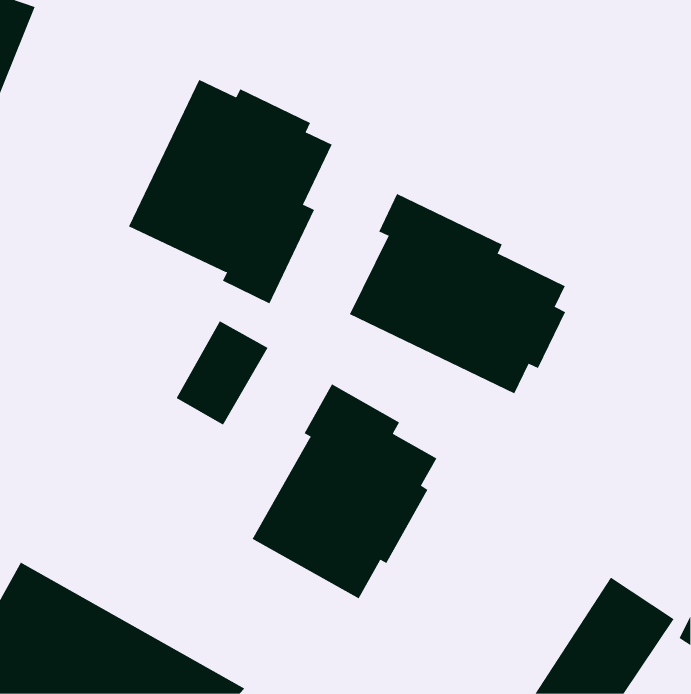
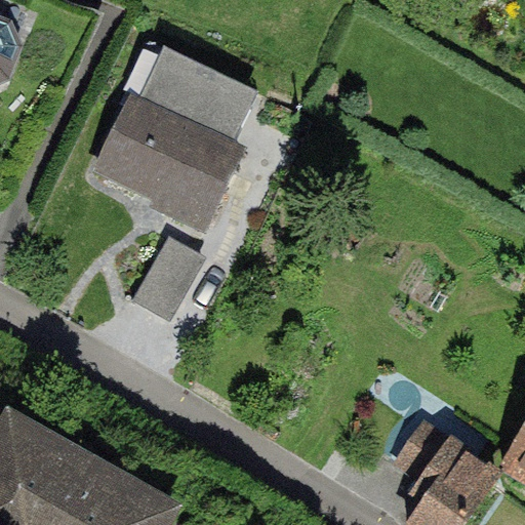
building: [349,193,566,394] -> none
building: [252,383,437,599] -> none

